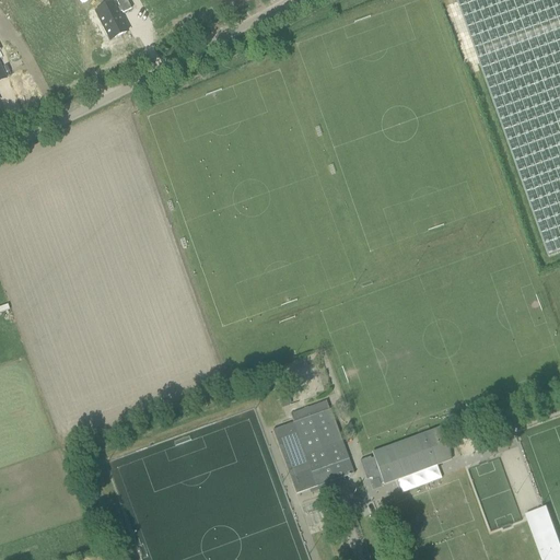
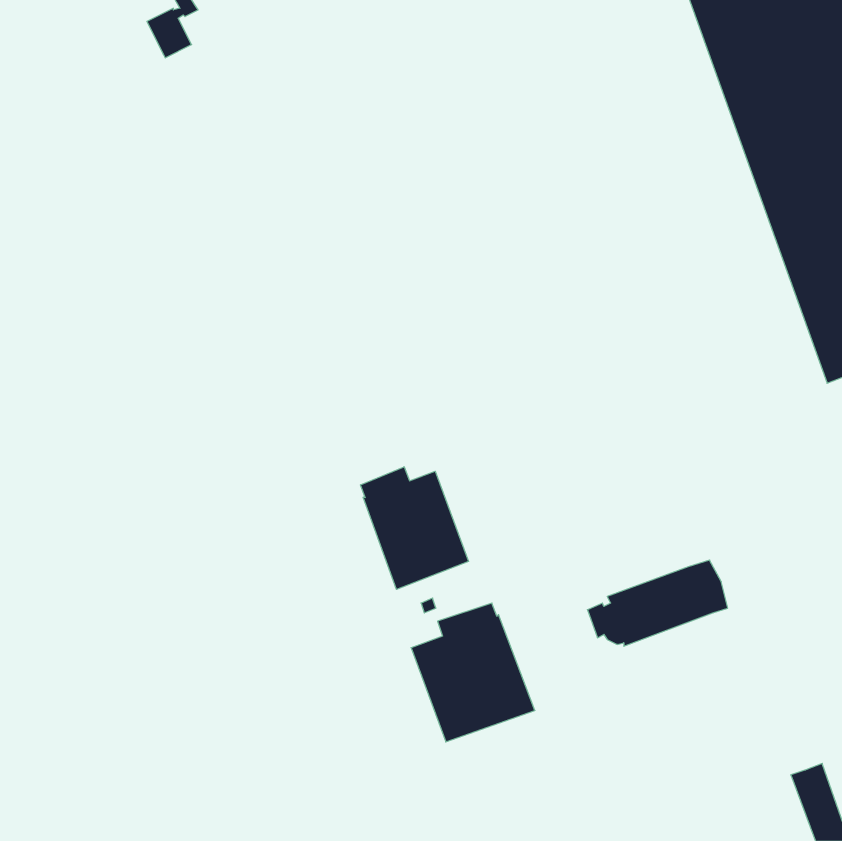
building: none -> [361,467,468,589]
building: [360,427,453,483] -> [587,560,728,646]

